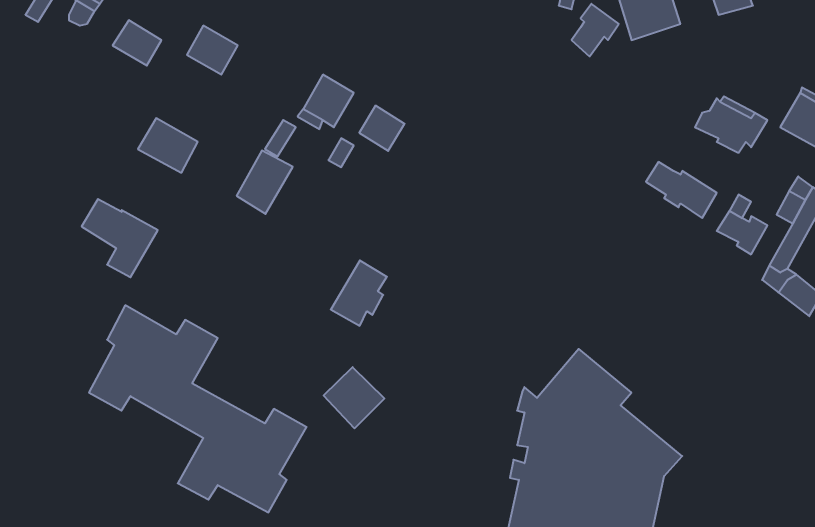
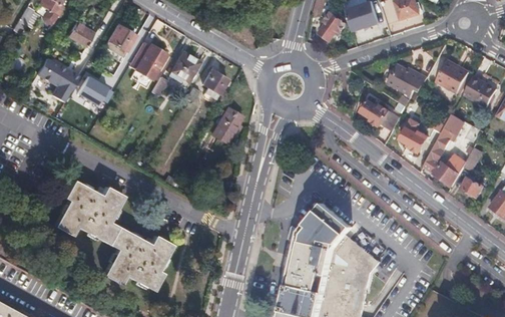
building: [237,150,293,214] -> [135,44,166,79]
building: [82,199,158,277] -> [37,57,79,100]
building: [331,260,387,326] -> [210,106,241,142]
building: [324,367,384,428] -> none

